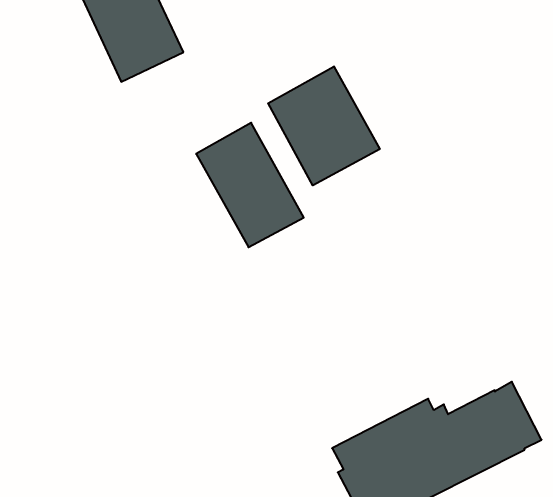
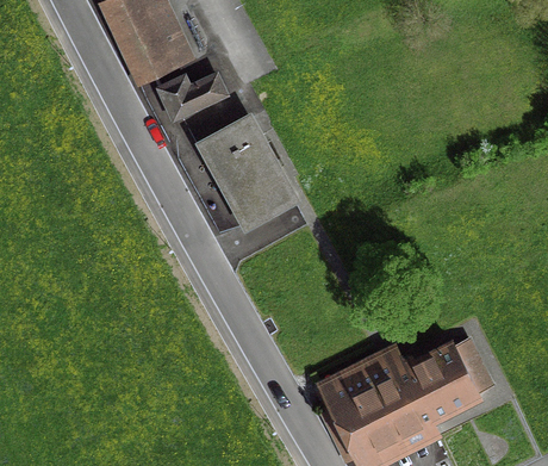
building: [268,66,380,185] -> none
building: none -> [160,75,225,119]

